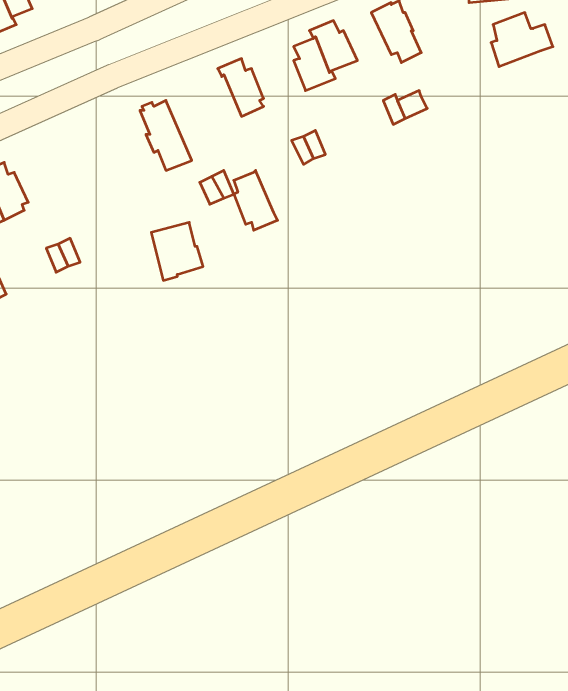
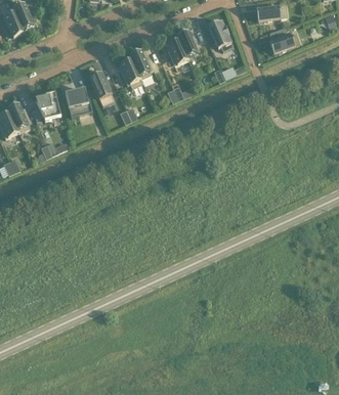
building: none -> [31,91,60,119]
building: [234,170,278,230] -> [120,56,142,87]
building: [151,222,203,280] -> [65,87,91,117]

